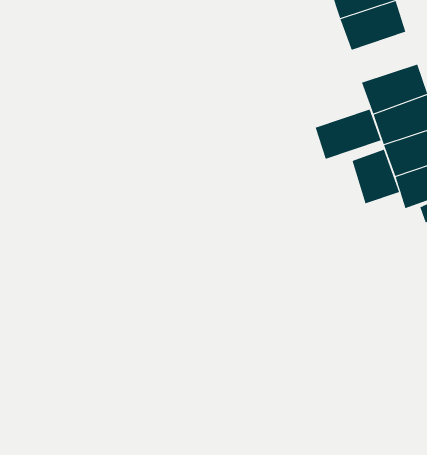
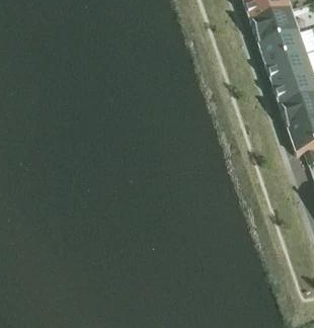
building: [315,109,382,159] -> [258,27,305,63]
building: [352,149,400,204] -> none

